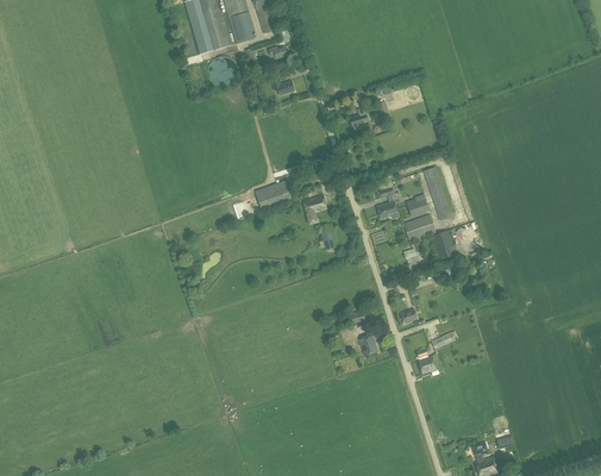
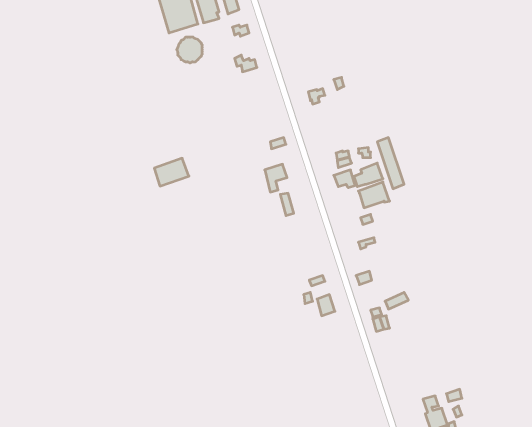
building: [255,178,292,208] -> [154,158,189,186]
building: [430,227,457,259] -> none

